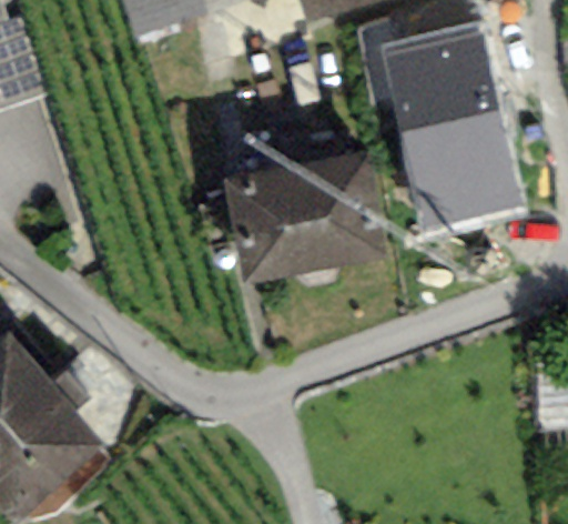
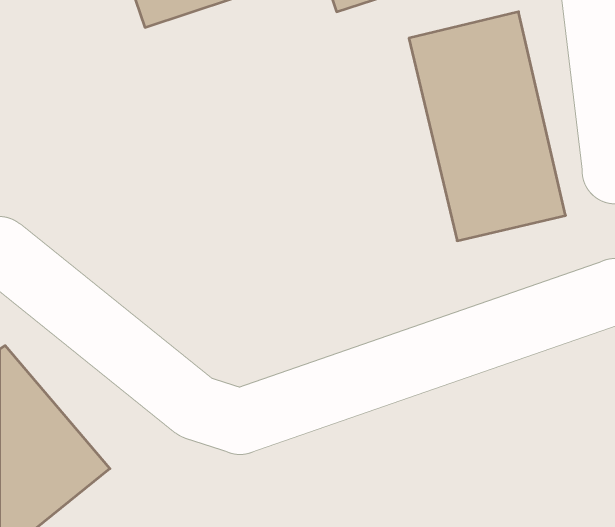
building: [223,148,385,282] -> none

